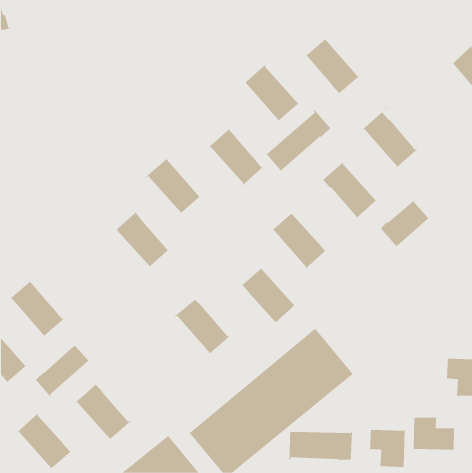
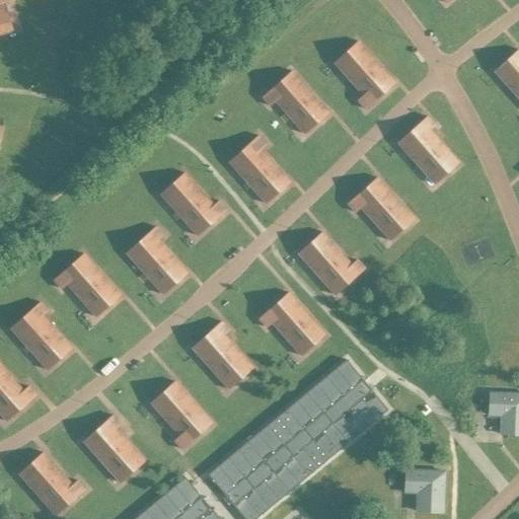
building: [265,109,336,173] -> none
building: [375,198,430,248] -> none
building: none -> [54,253,121,316]
building: [31,344,90,397] -> none
building: none -> [151,381,212,449]
building: [413,417,455,450] -> none
building: [289,430,352,469] -> none

